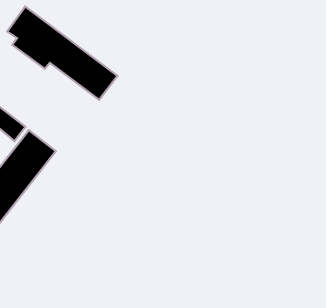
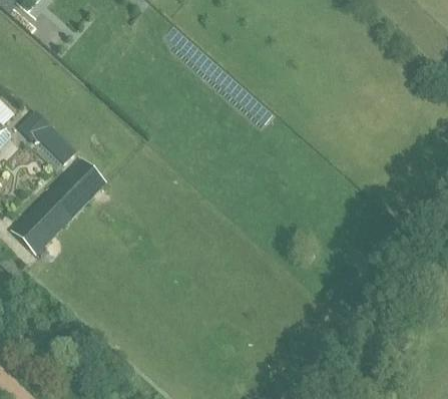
building: [7,7,118,100] -> none

